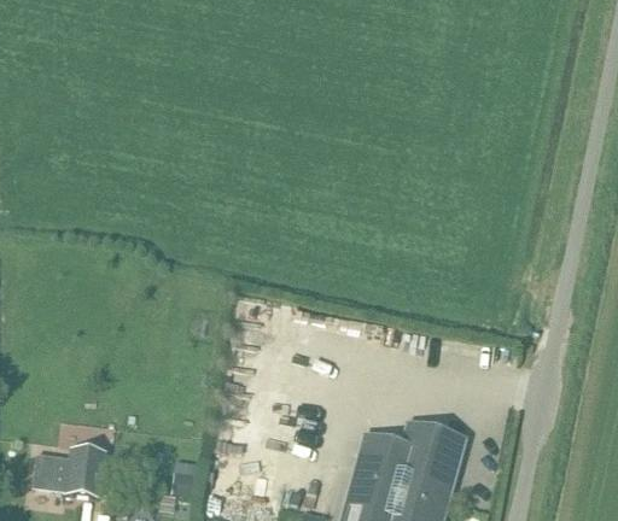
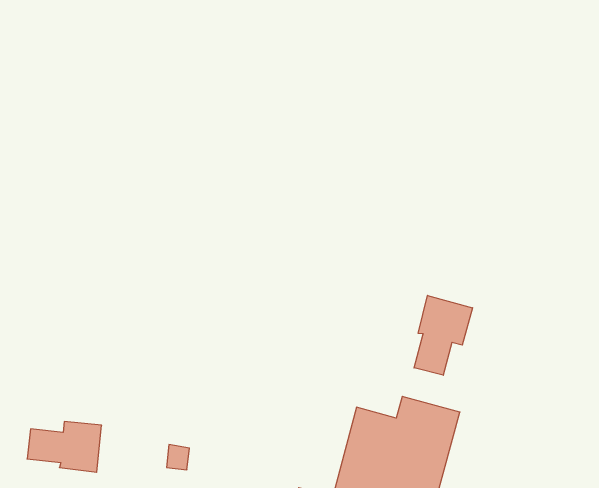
building: none -> [414,295,473,375]

